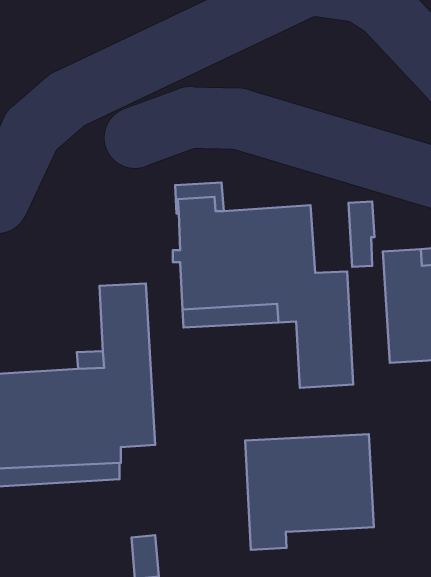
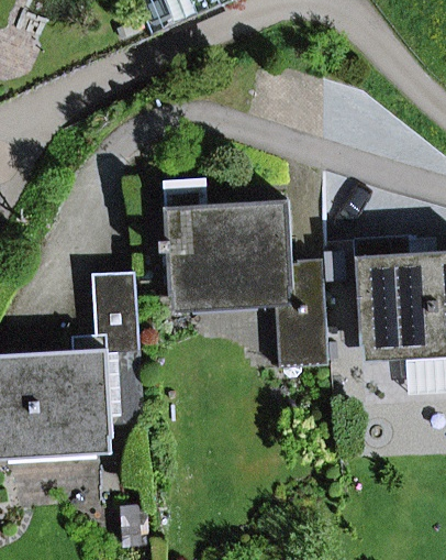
building: [245,434,374,550] -> none

